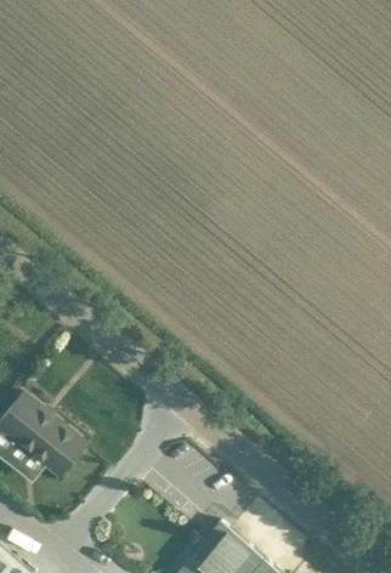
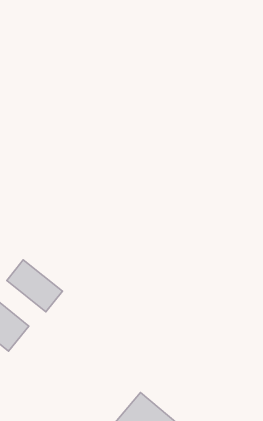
building: none -> [7,260,62,312]

